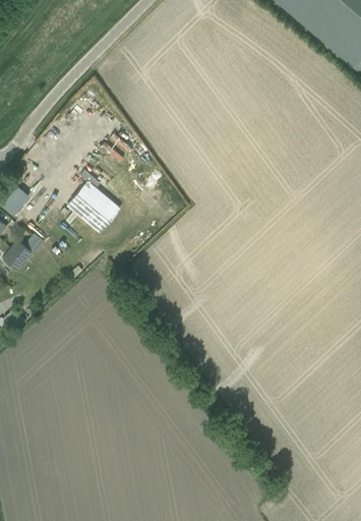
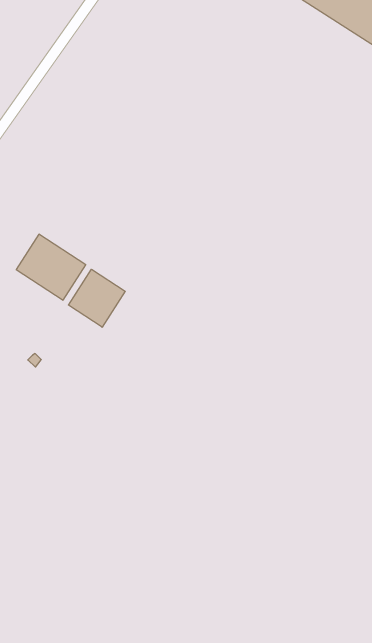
building: none -> [68,269,125,327]

